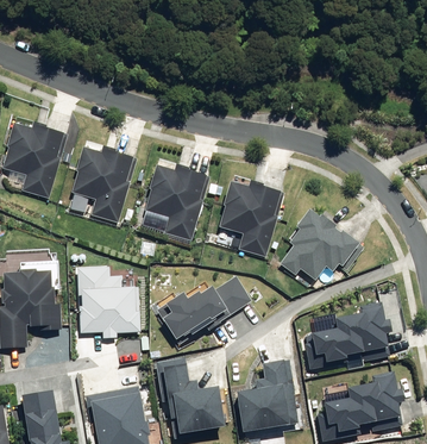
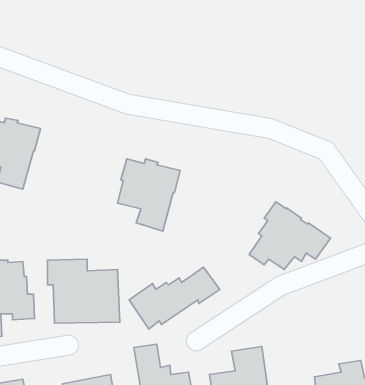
building: [71,148,137,221] -> none
building: [220,182,284,256] -> none
building: [307,302,389,369] -> none

